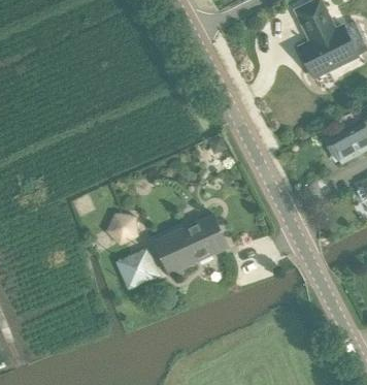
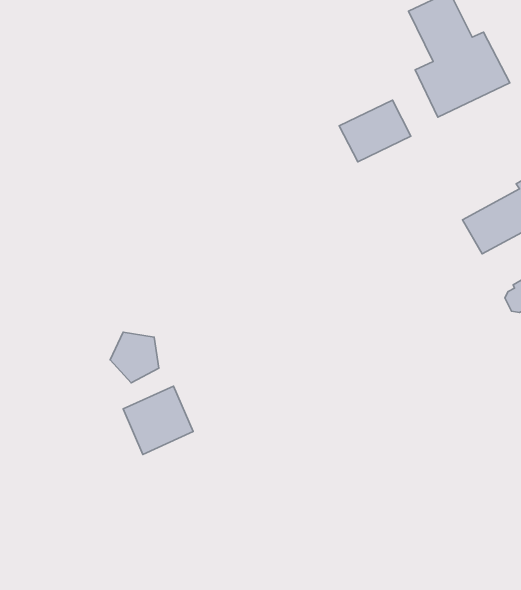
building: none -> [339,100,411,162]
building: [154,214,228,275] -> none

